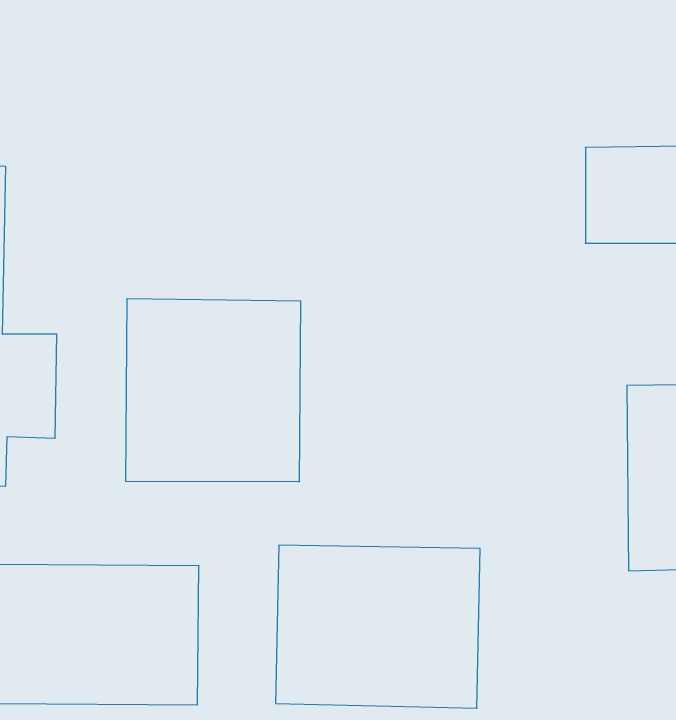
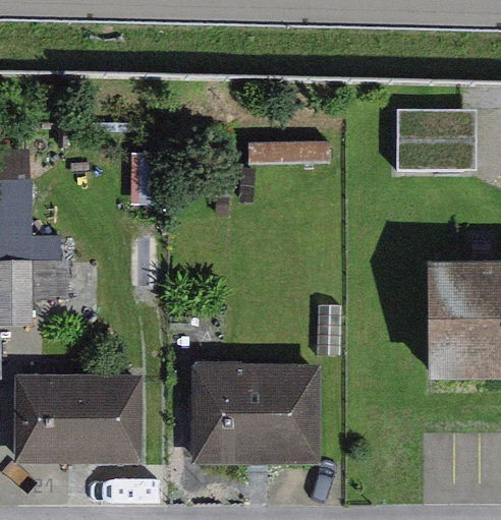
building: [126,299,300,482] -> none

